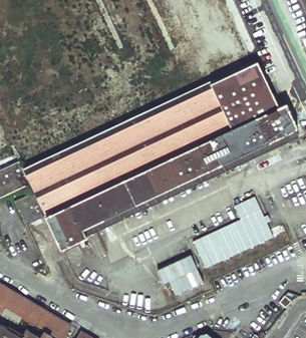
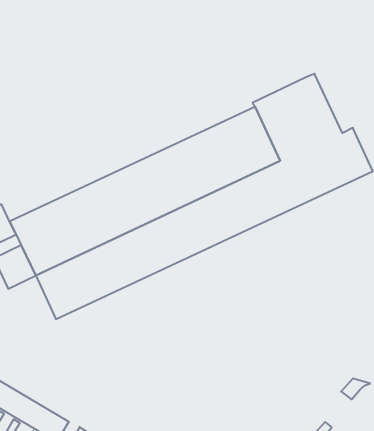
building: [193,195,272,266] -> none
building: [156,252,203,293] -> none

